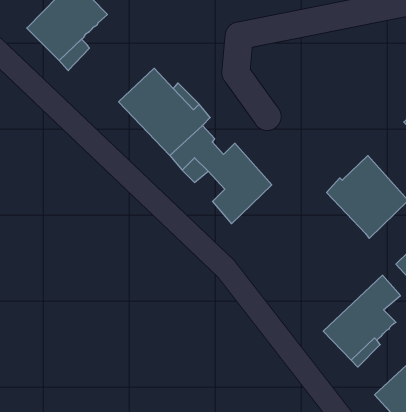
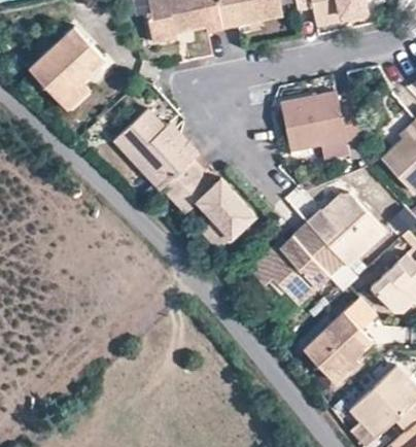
building: none -> [281,92,362,162]
building: none -> [249,222,343,304]

